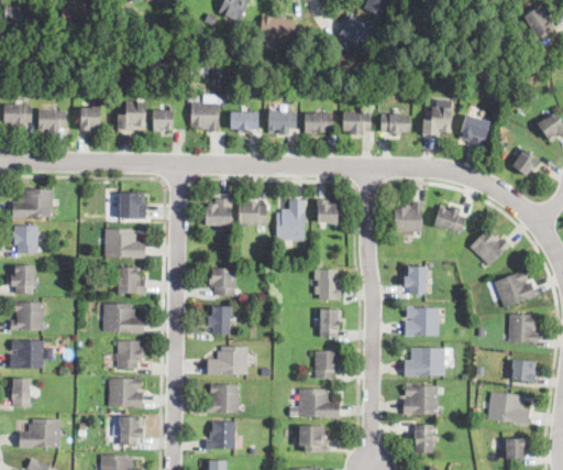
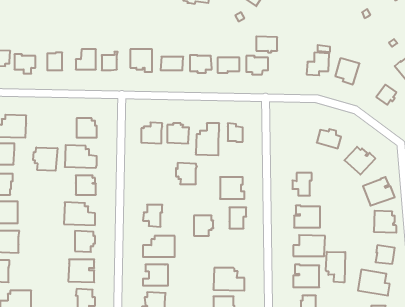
building: [380,113,408,134] -> [256,36,277,52]
building: [394,203,423,231] -> none
building: none -> [33,147,57,171]
building: [209,267,236,295] -> [176,163,197,184]
building: [316,351,341,378] -> [194,216,213,236]
building: none -> [326,252,345,282]

